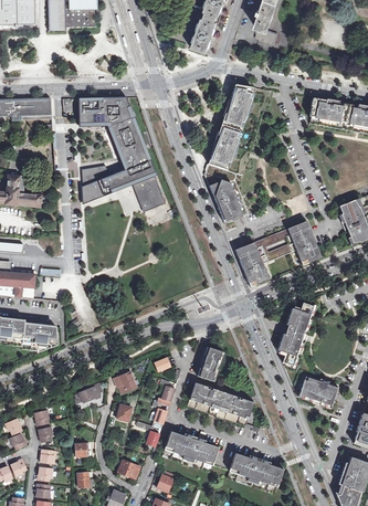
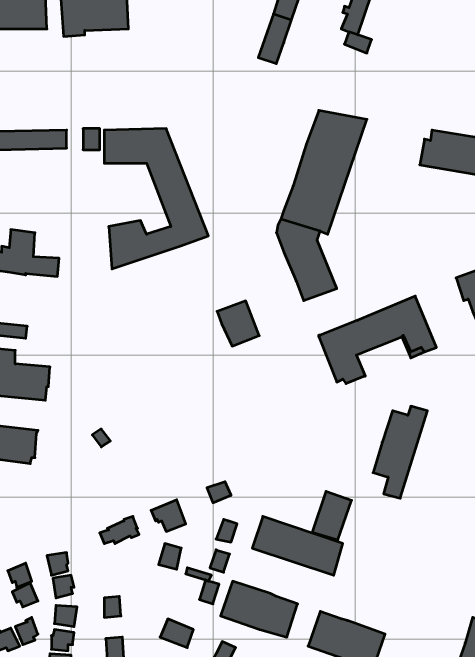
building: [133,176,164,209] -> [217,301,259,346]
building: [23,320,62,351] -> none
building: [194,345,223,380] -> [312,491,352,540]
building: [296,372,338,408] -> none

